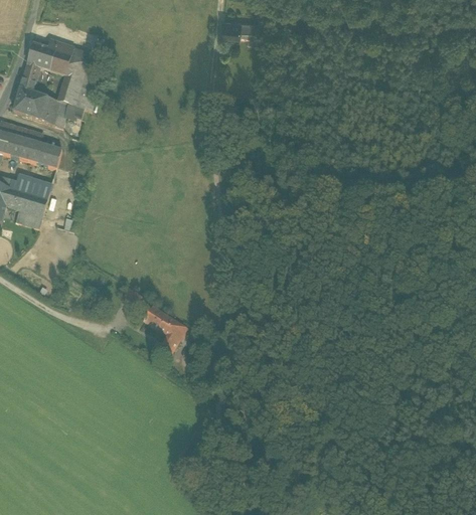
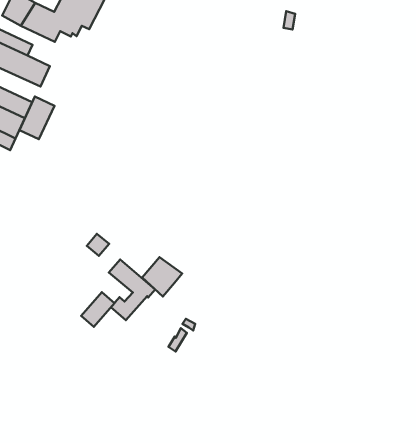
building: none -> [19,97,54,139]
building: none -> [142,257,182,296]
building: none -> [81,292,114,327]

